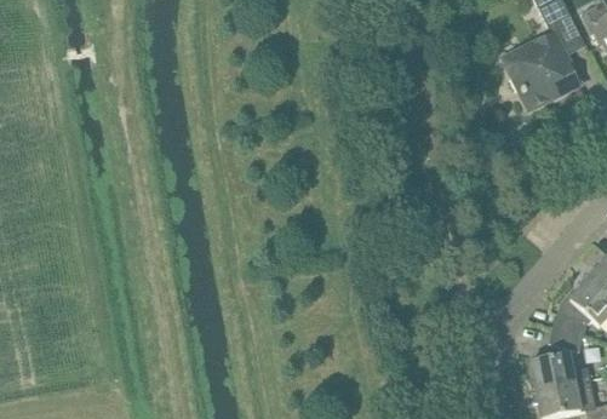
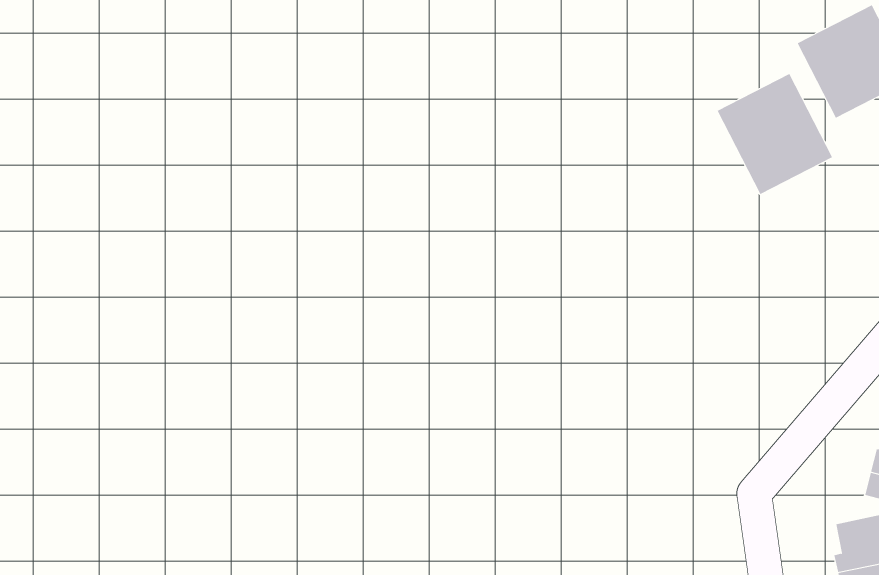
building: none -> [717,73,833,195]

